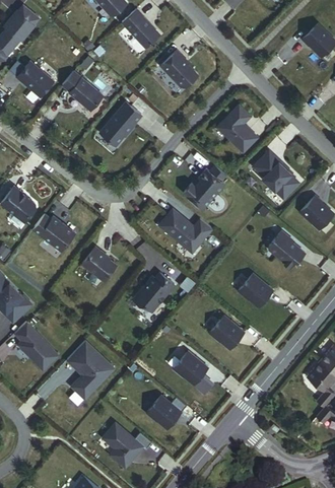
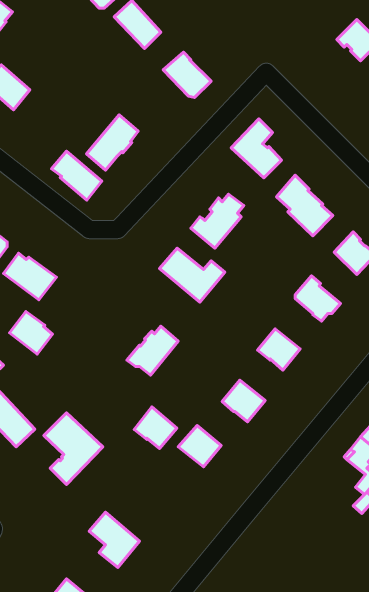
building: [62,71,103,111] -> [51,151,102,200]
building: [81,247,116,281] -> [10,311,52,354]
building: [146,395,181,428] -> [134,407,177,448]

